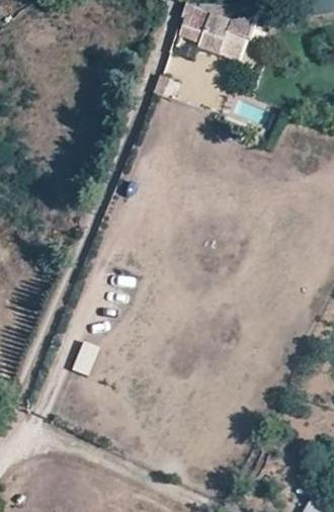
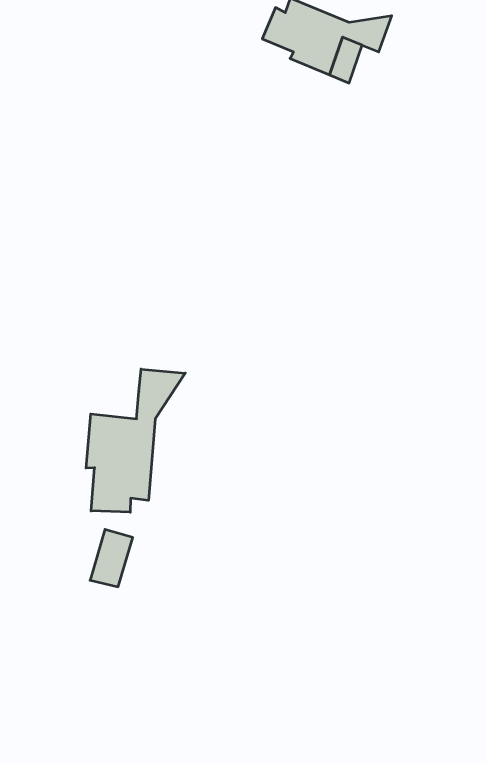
building: none -> [86,369,185,512]

